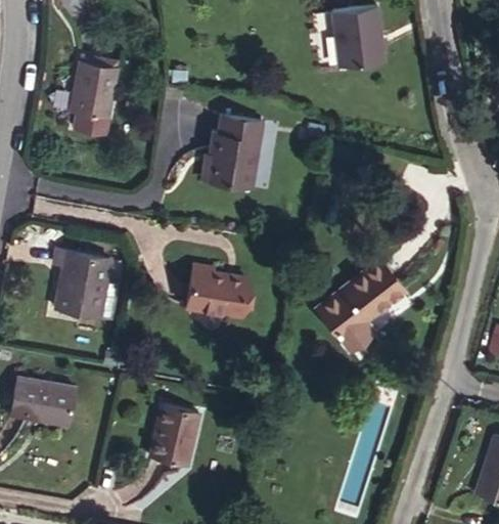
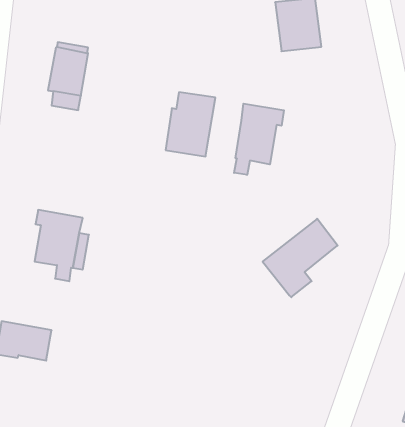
building: none -> [234,104,284,175]
building: [187,265,245,317] -> none
building: [149,405,198,467] -> none

